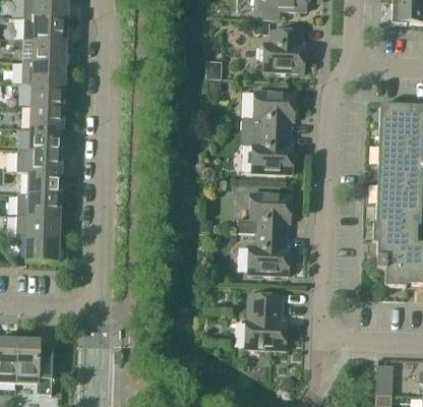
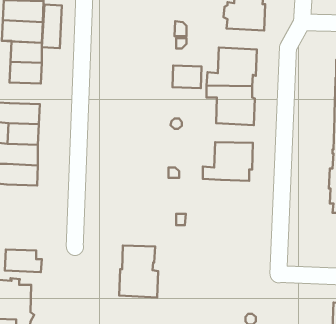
building: none -> [42,5,62,48]
building: none -> [173,66,201,88]
building: [29,127,63,151] -> none
building: [247,232,289,274] -> none
building: [25,237,65,261] -> [5,250,42,272]
building: [244,293,286,349] -> [119,246,158,298]

